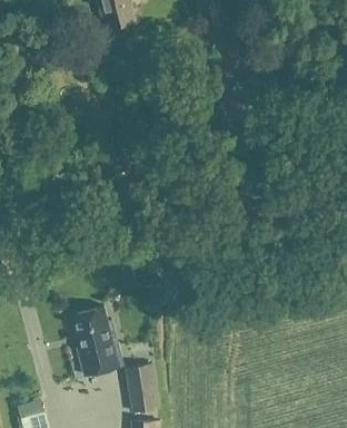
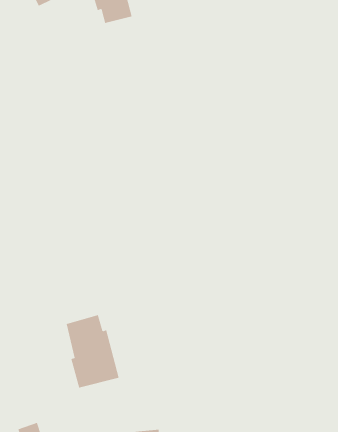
building: [125,366,159,414] -> none

